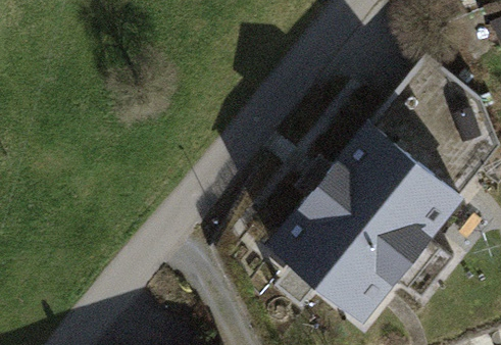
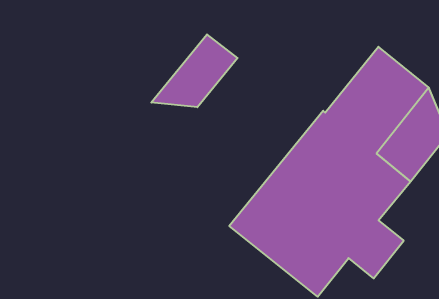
building: none -> [151,34,238,107]

